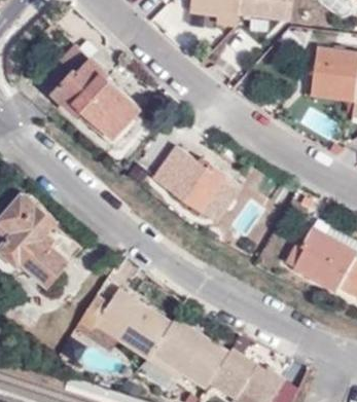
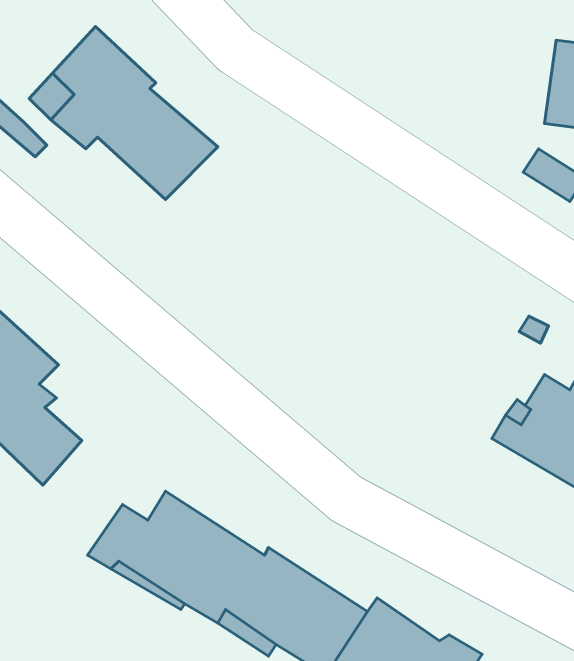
building: [154,147,240,220] -> none

